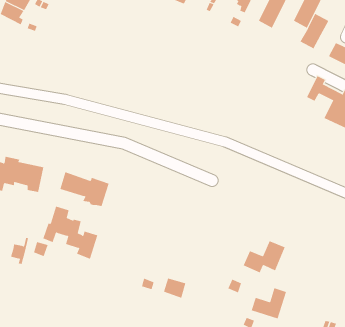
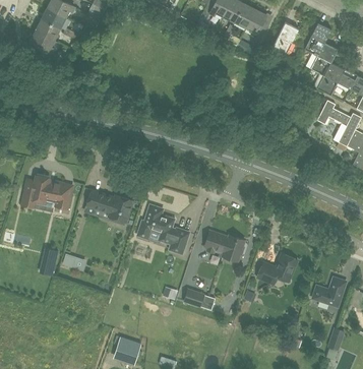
building: none -> [317,62,344,96]
building: [42,206,98,259] -> [137,204,189,254]
building: none -> [204,230,245,261]
building: [251,287,287,319] -> [312,276,346,306]

